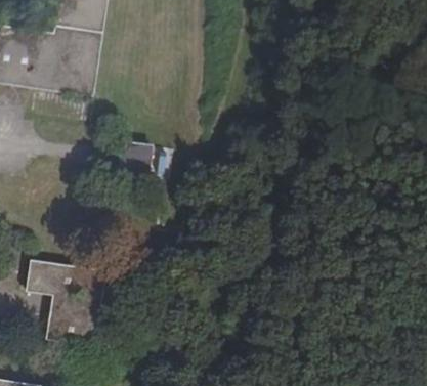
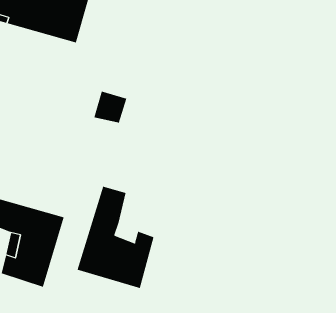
building: none -> [77,186,154,289]

